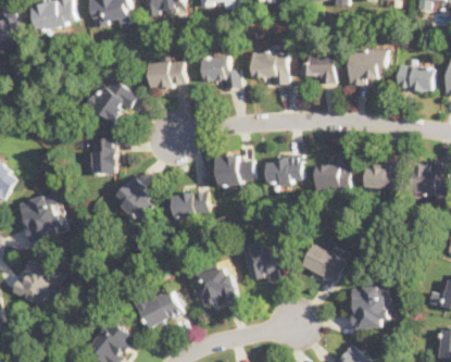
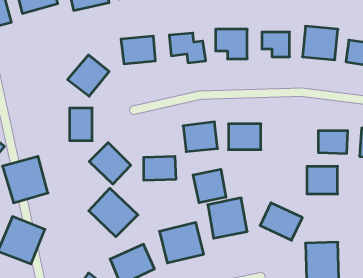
building: [315,159,349,189] -> [307,166,338,194]
building: none -> [193,169,226,203]
building: none -> [89,188,138,237]

